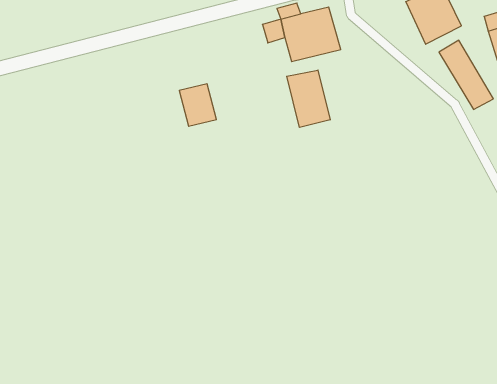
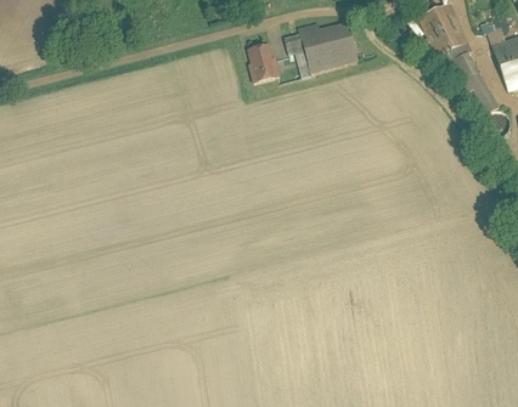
building: [287,70,330,127] -> none
building: [179,84,216,126] -> [246,43,280,81]

